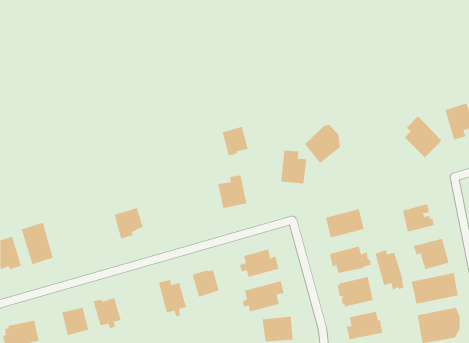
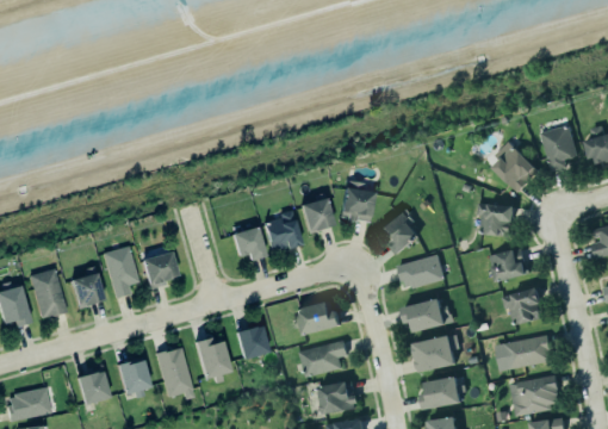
building: [304,124,341,164] -> [373,206,417,254]
building: [222,126,248,156] -> [300,198,333,234]
building: none -> [474,197,515,235]
building: none -> [230,222,263,256]
building: none -> [106,248,138,298]
building: none -> [72,274,105,310]
building: [375,250,404,290] -> none
building: none -> [157,348,194,400]

